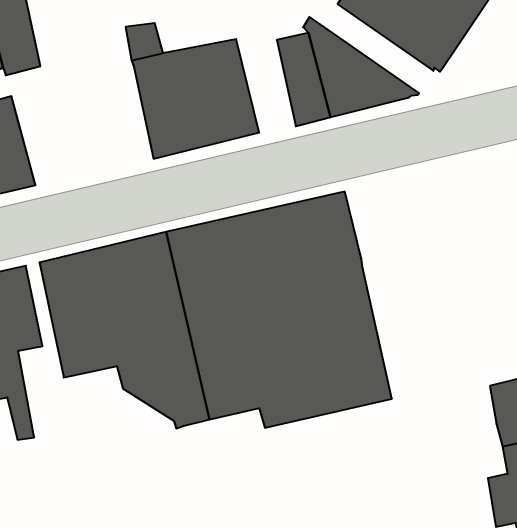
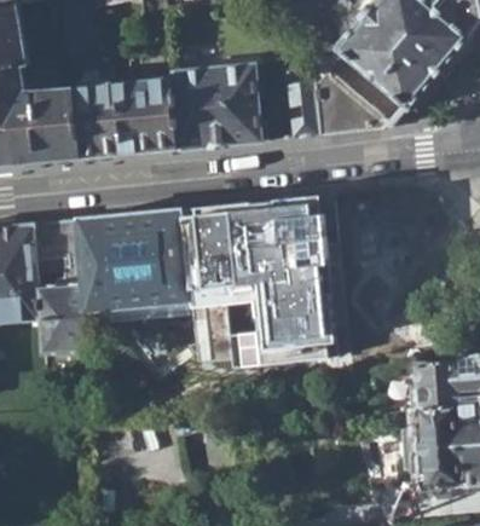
building: none -> [69,76,173,158]
building: none -> [48,219,85,360]

